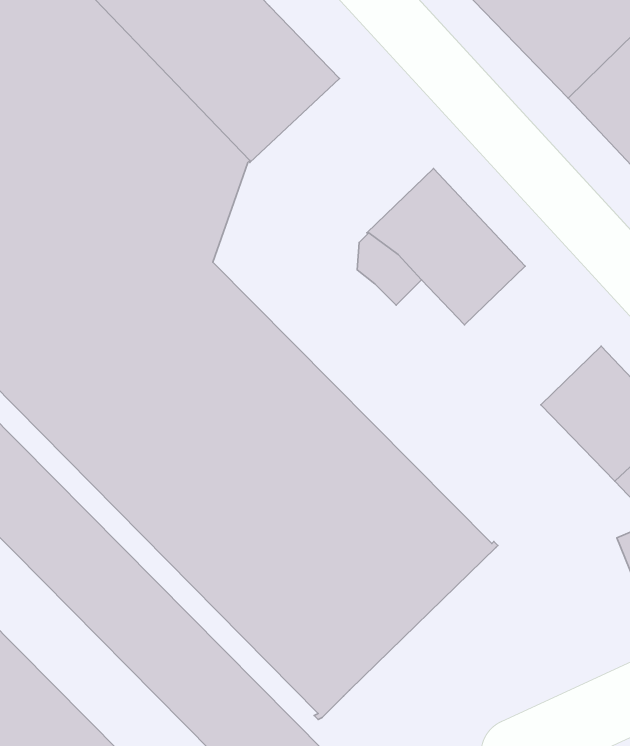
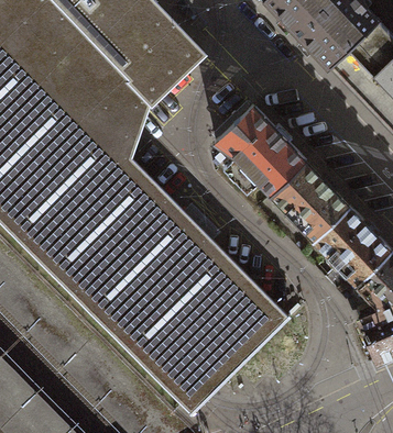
building: none -> [271,158,348,236]

